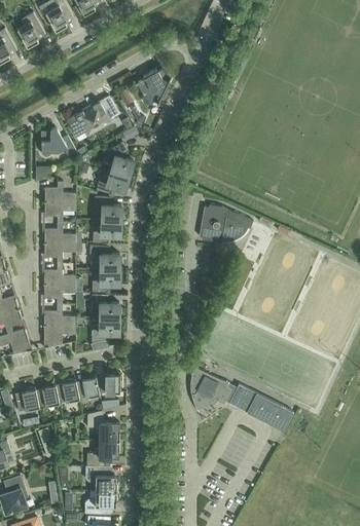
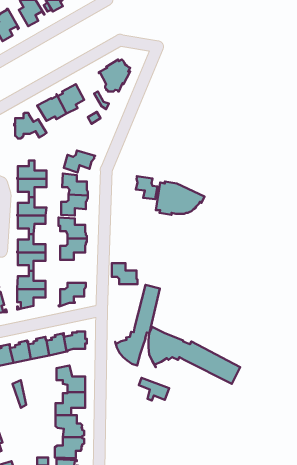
building: [105,143,133,177] -> none
building: none -> [136,176,157,199]
building: [92,295,120,318] -> [112,263,137,284]
building: none -> [115,285,160,366]
building: none -> [139,378,169,401]

